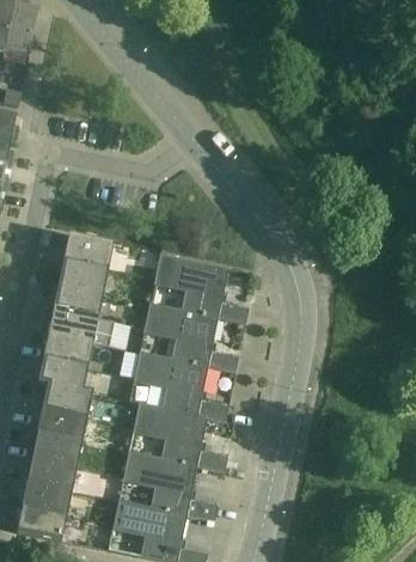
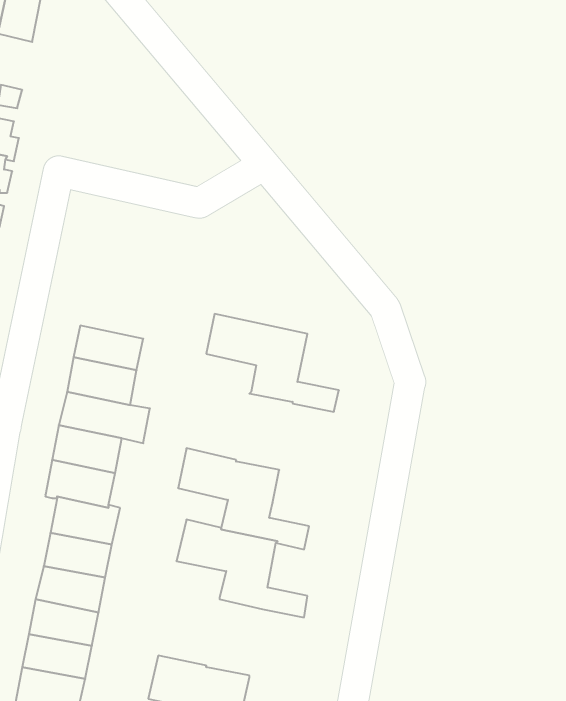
building: [61,236,112,270] -> none
building: [142,300,237,371] -> none
building: [121,450,215,520] -> none

